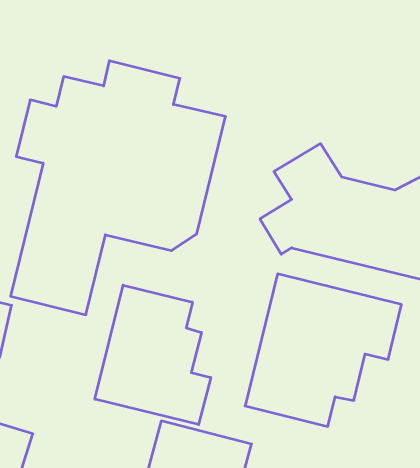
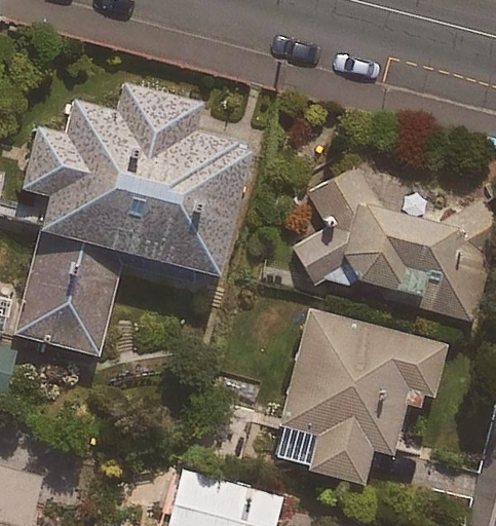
building: [95,285,211,425] -> none

